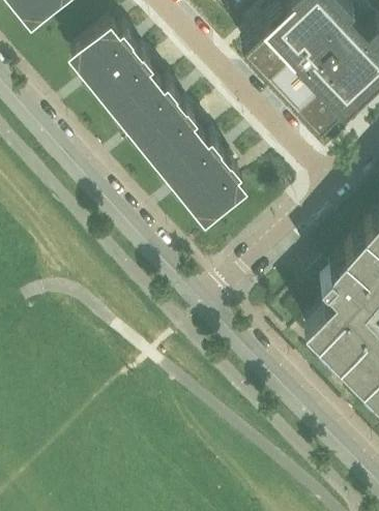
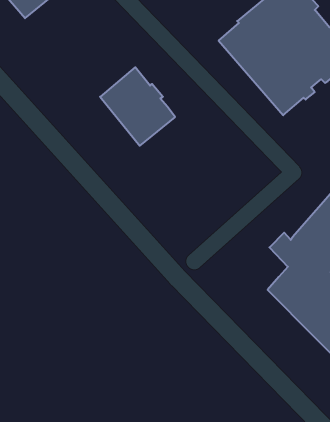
building: [70,26,154,114] -> none
building: [159,137,243,223] -> none

